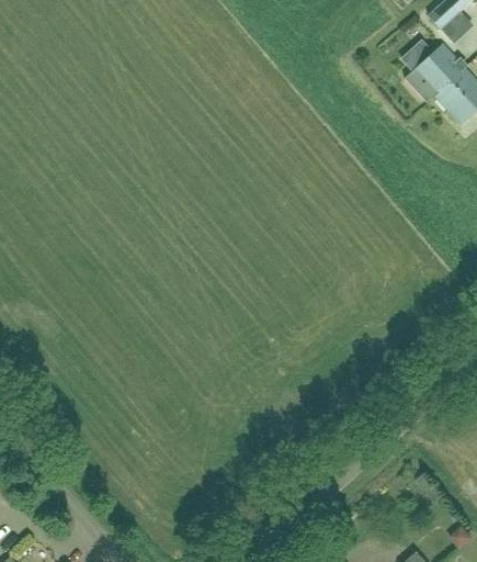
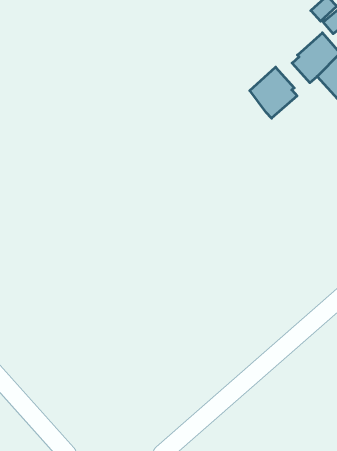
building: none -> [250,67,297,118]

